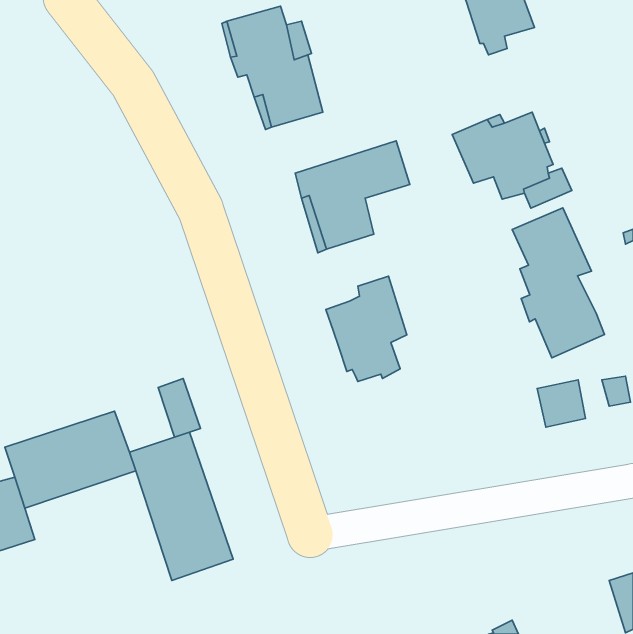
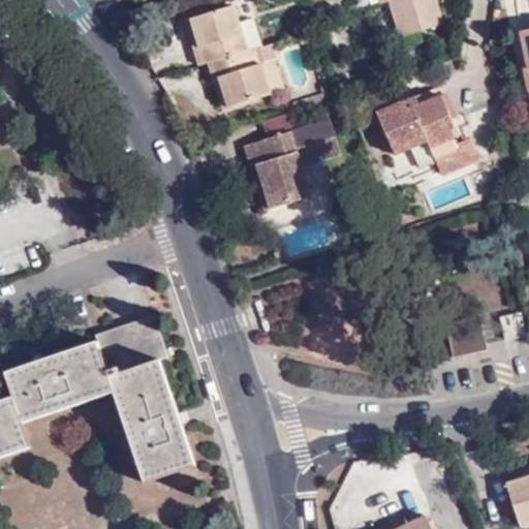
building: [512,208,604,358] -> none
building: [326,276,407,381] -> none
building: none -> [93,321,145,375]

